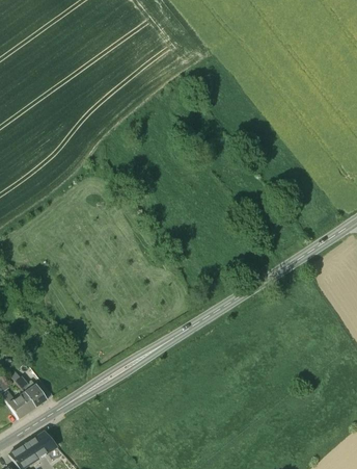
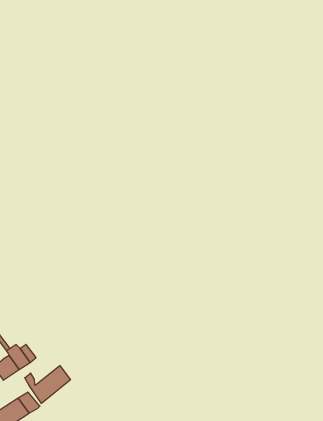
building: none -> [25,366,70,403]

